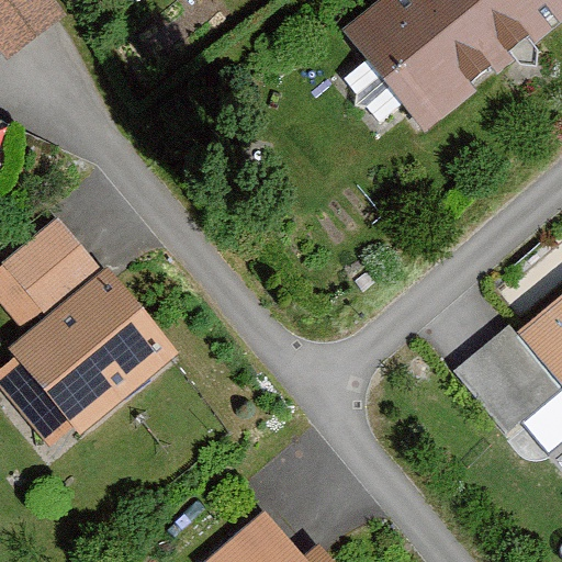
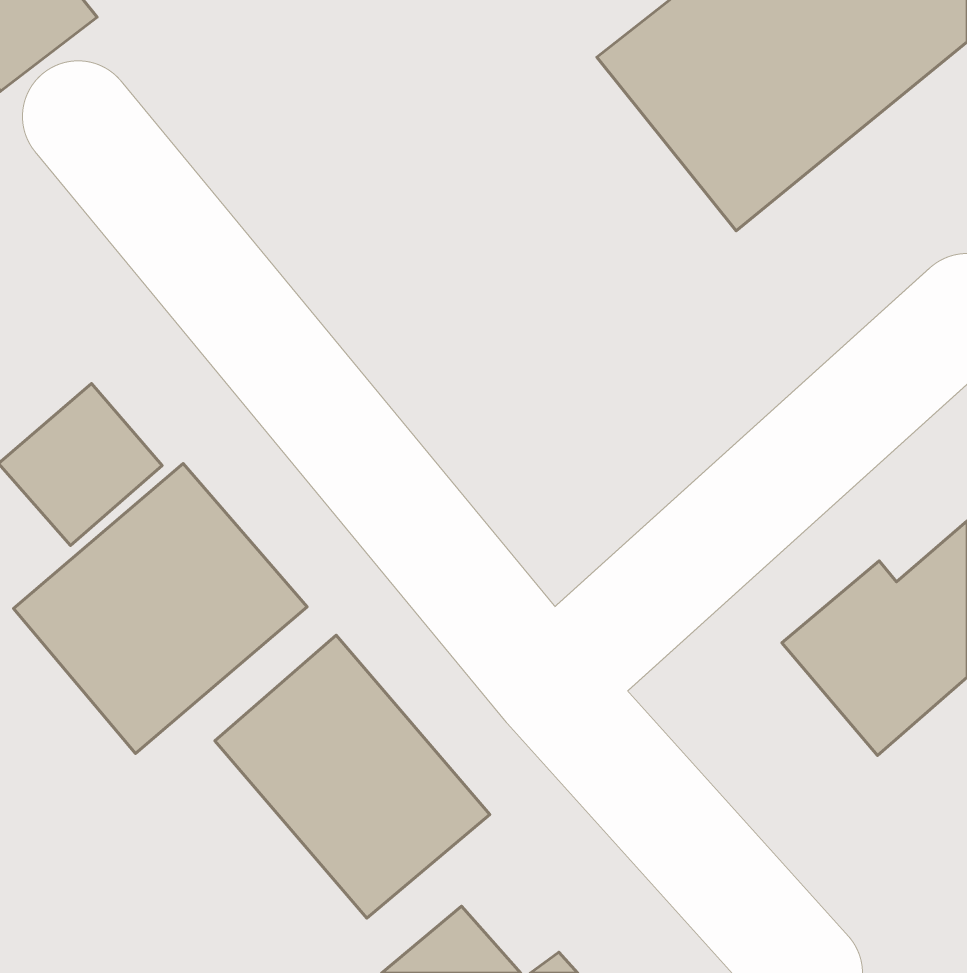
building: none -> [215,635,490,918]

